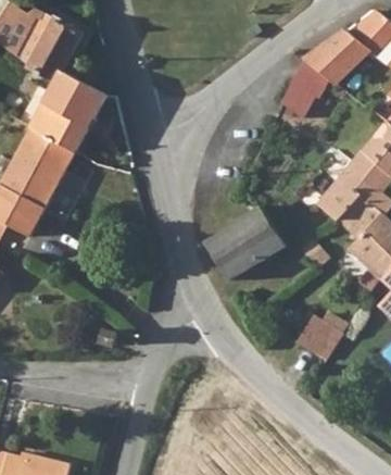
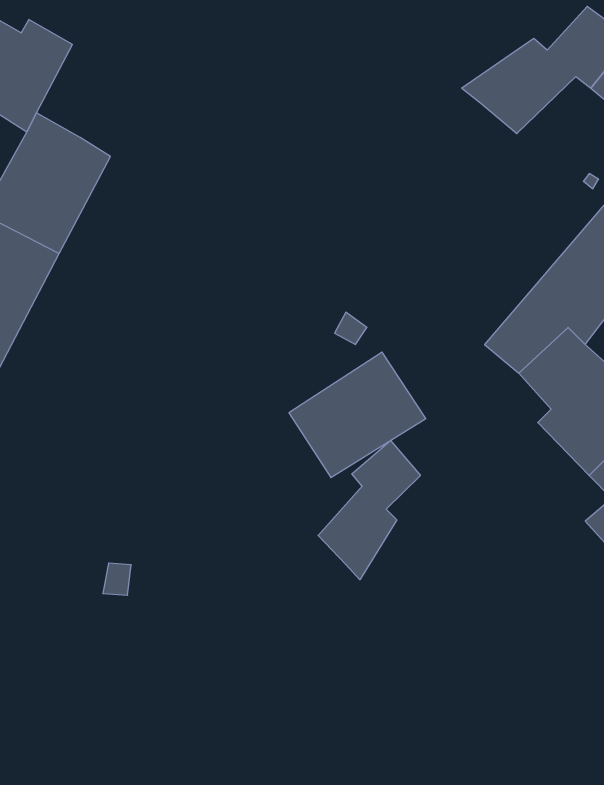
building: [278,57,320,117] -> none
building: none -> [318,440,420,580]
building: [294,316,341,362] -> none

